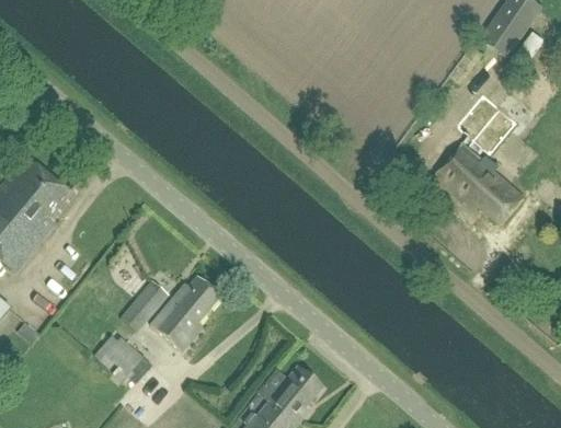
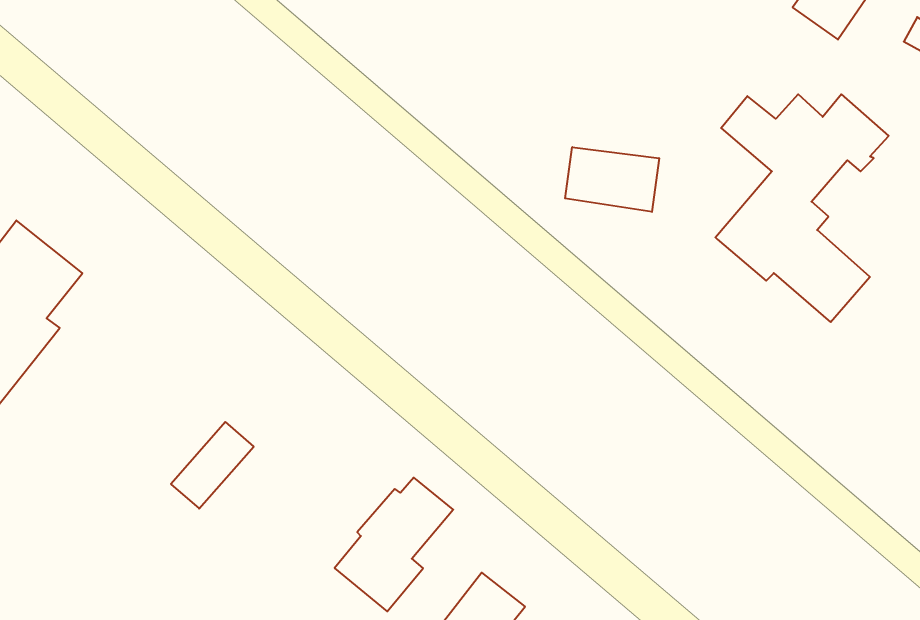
building: none -> [565,147,659,212]
building: [152,279,221,357] -> [335,478,453,611]
building: [101,333,153,383] -> none

